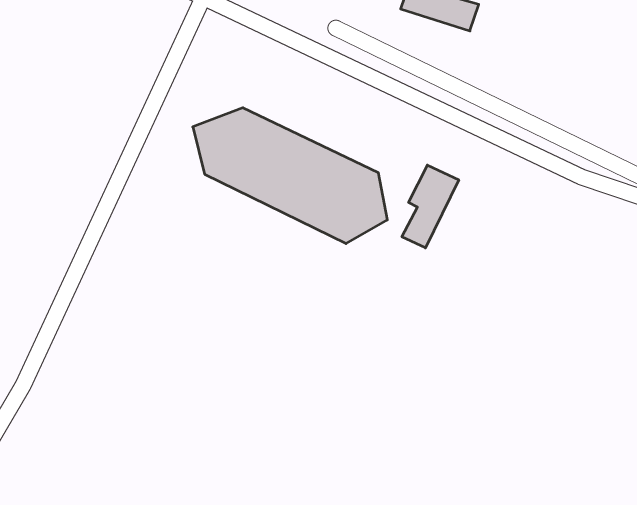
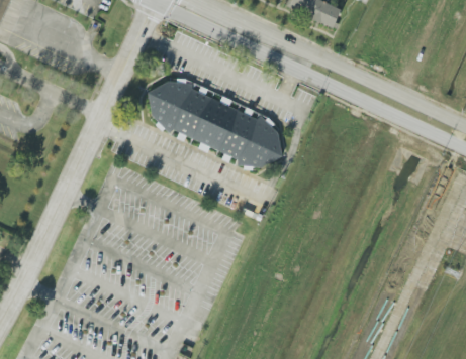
building: [402,165,459,248] -> none

